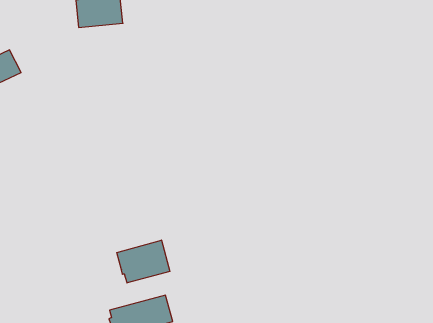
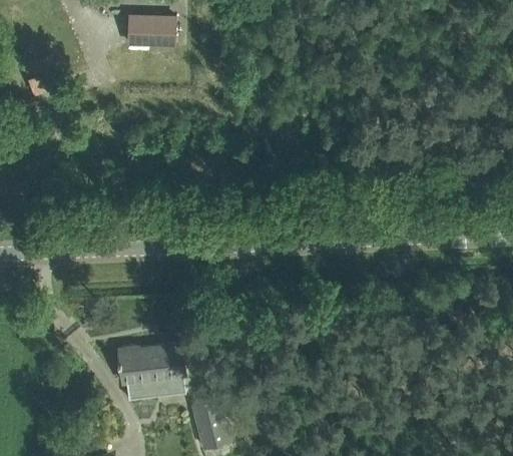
building: [117,240,170,283] -> none

